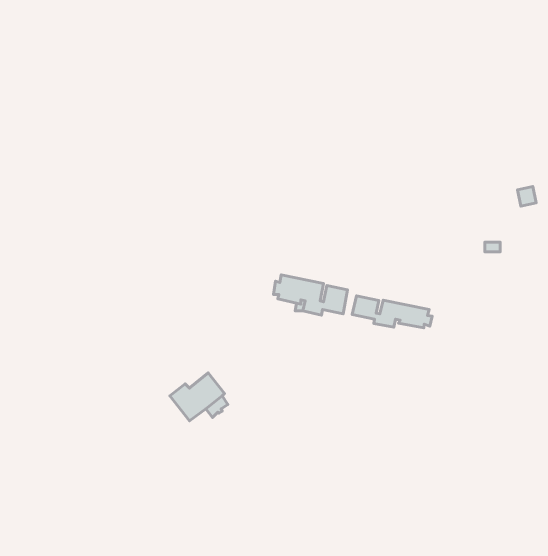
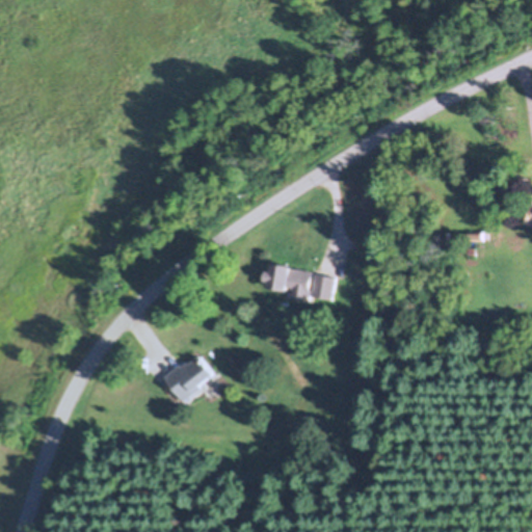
building: [352,296,432,328] -> none

